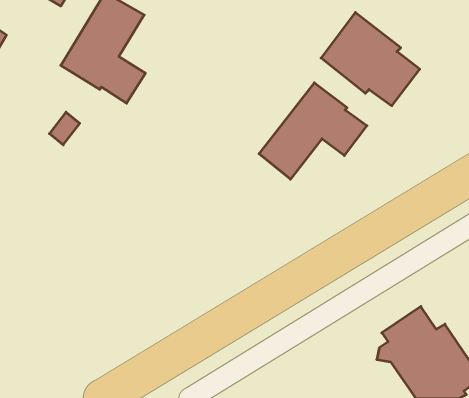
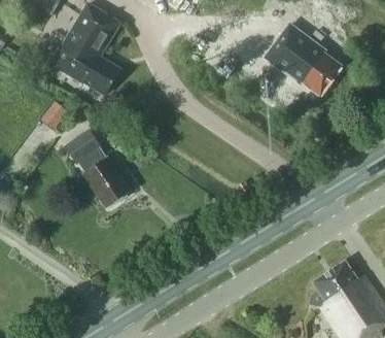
building: [259,83,367,179] -> none
building: none -> [65,130,128,206]

